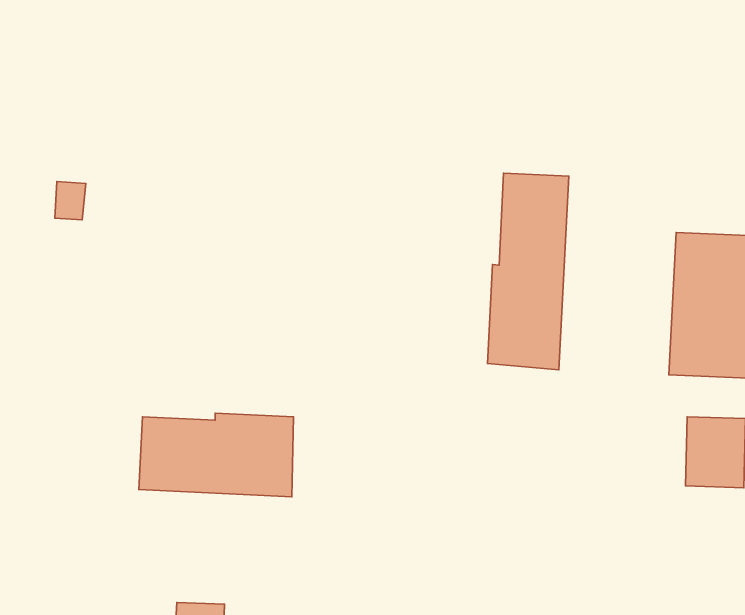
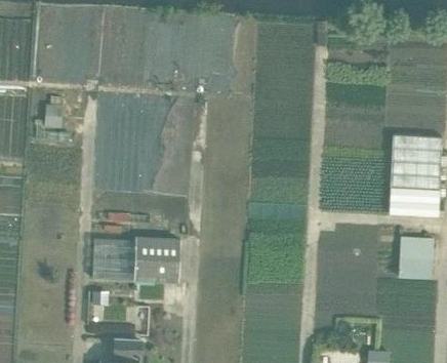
building: [487,173,569,370] -> none

